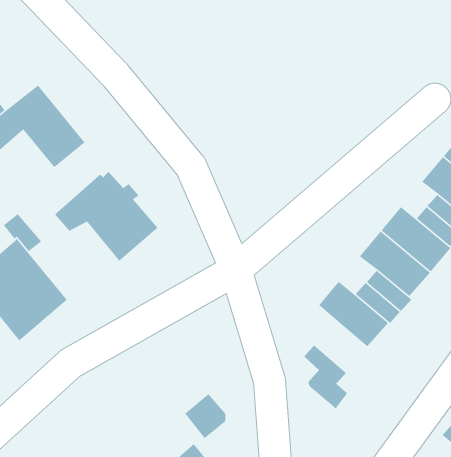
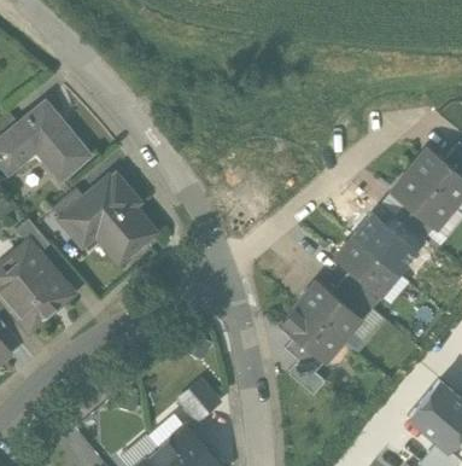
building: none -> [277,302,340,362]

